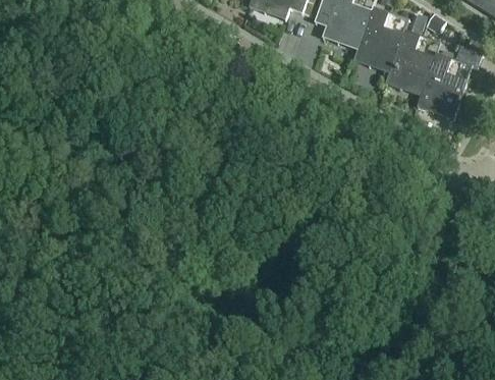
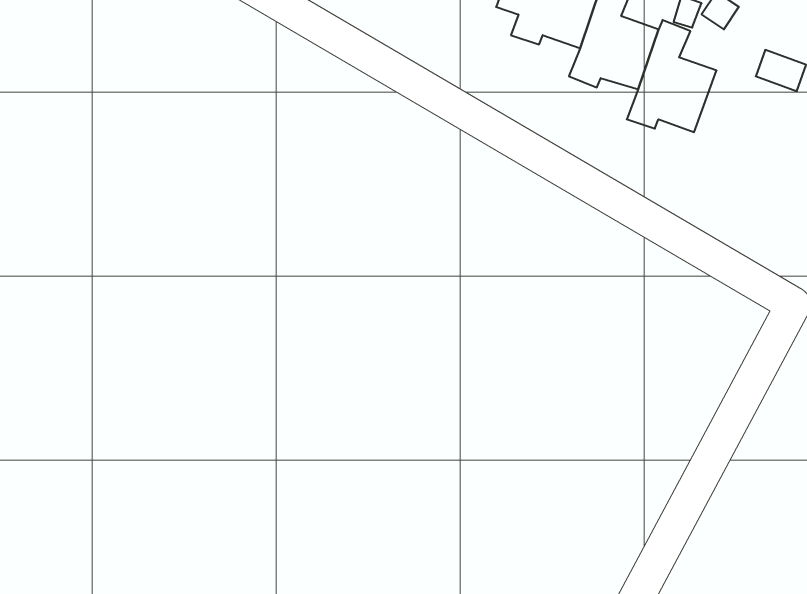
building: [417,52,466,113] -> none

